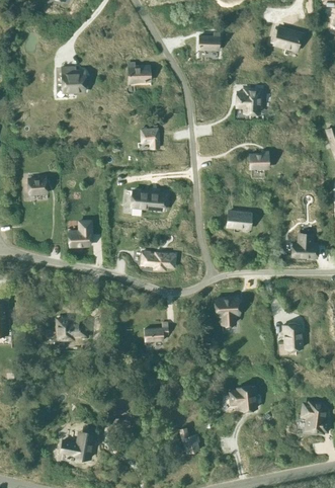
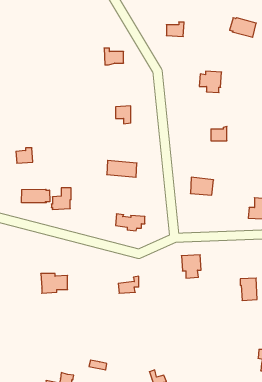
building: [62,66,85,91] -> none
building: none -> [22,189,50,203]
building: [229,386,256,409] -> none

